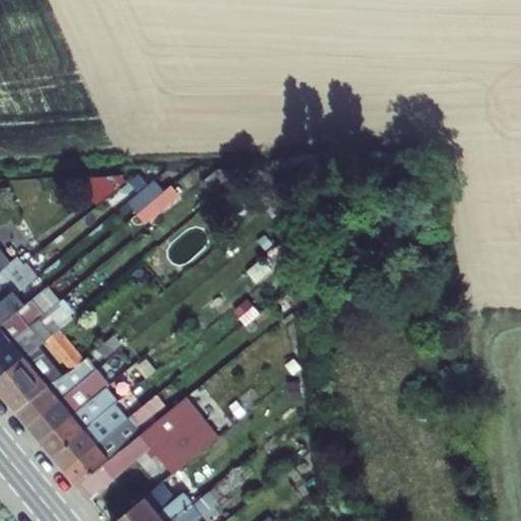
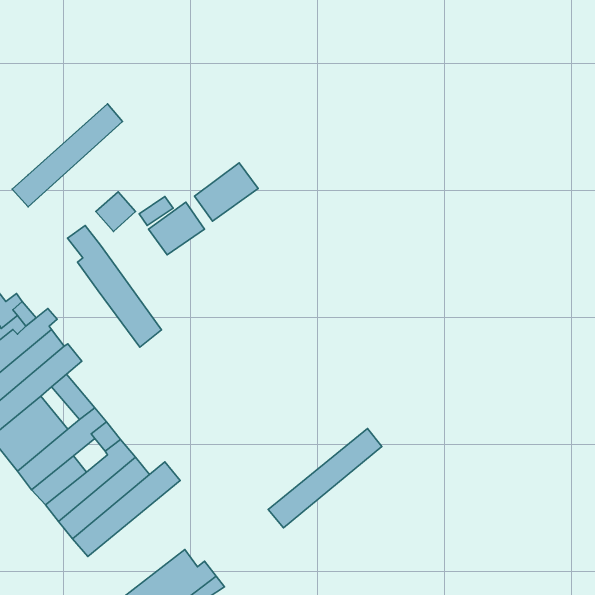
building: none -> [12,104,122,207]
building: none -> [195,163,258,221]
building: none -> [68,226,161,347]
building: none -> [268,428,382,528]
building: [76,398,217,500] -> none

